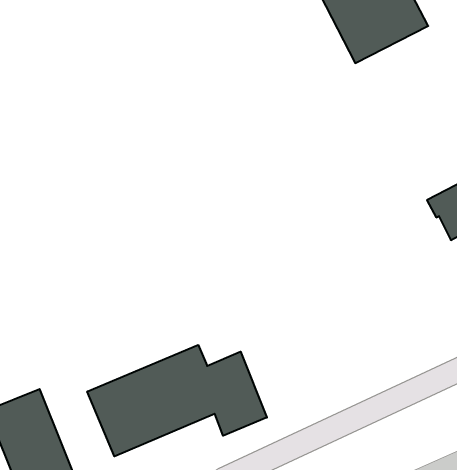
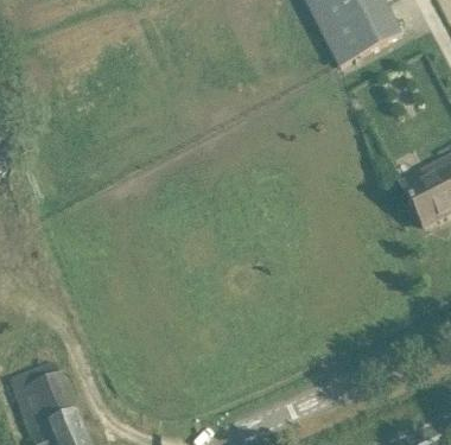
building: [87,345,267,456] -> none

